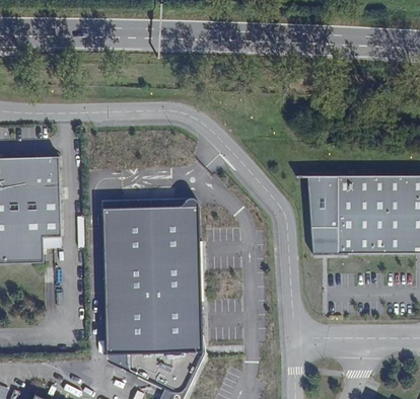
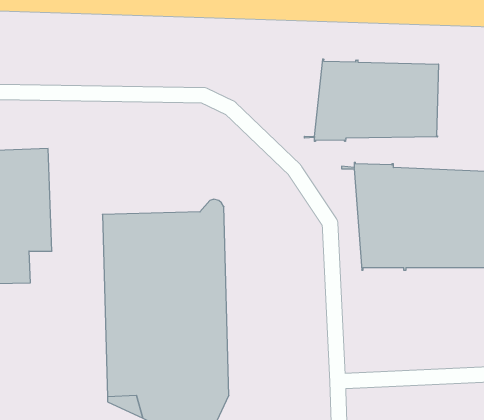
building: none -> [304,59,438,141]

